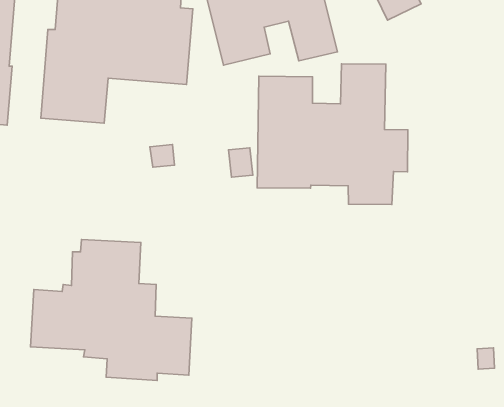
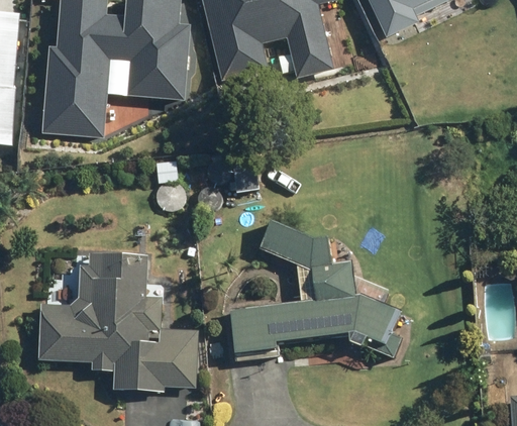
building: [257,64,408,205] -> none
building: none -> [223,220,398,357]

